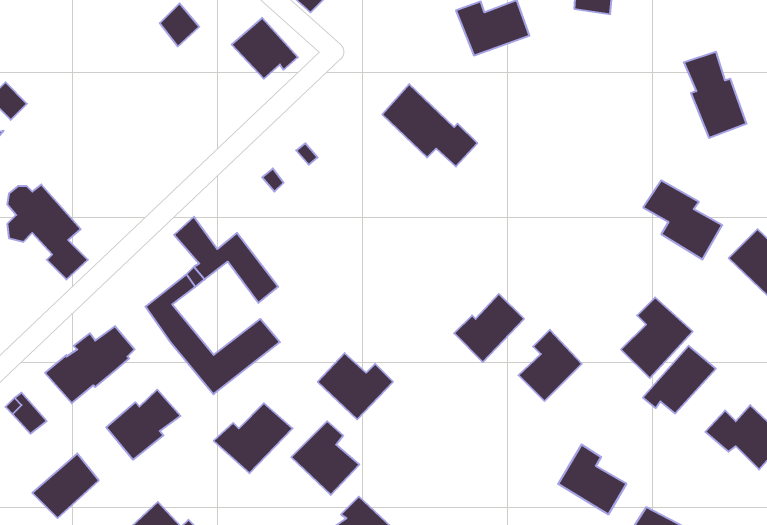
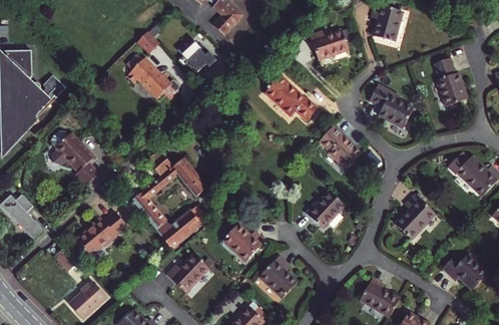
building: none -> [128,52,180,99]
building: none -> [317,125,359,169]
building: [643,180,722,259] -> [368,83,412,127]
building: [518,330,582,401] -> none
building: [643,346,716,414] -> none
building: [106,390,180,460] -> none
building: [291,421,359,495] -> [265,257,303,298]

